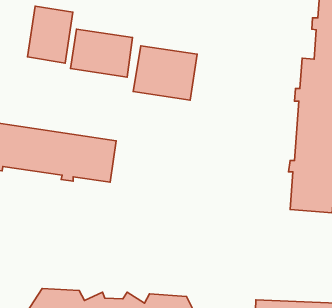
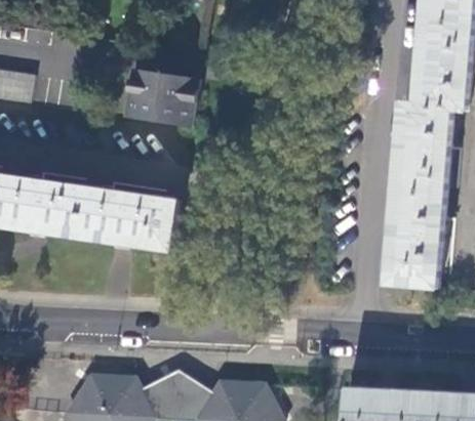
building: [28,6,73,63] -> none
building: [133,46,197,100] -> none

